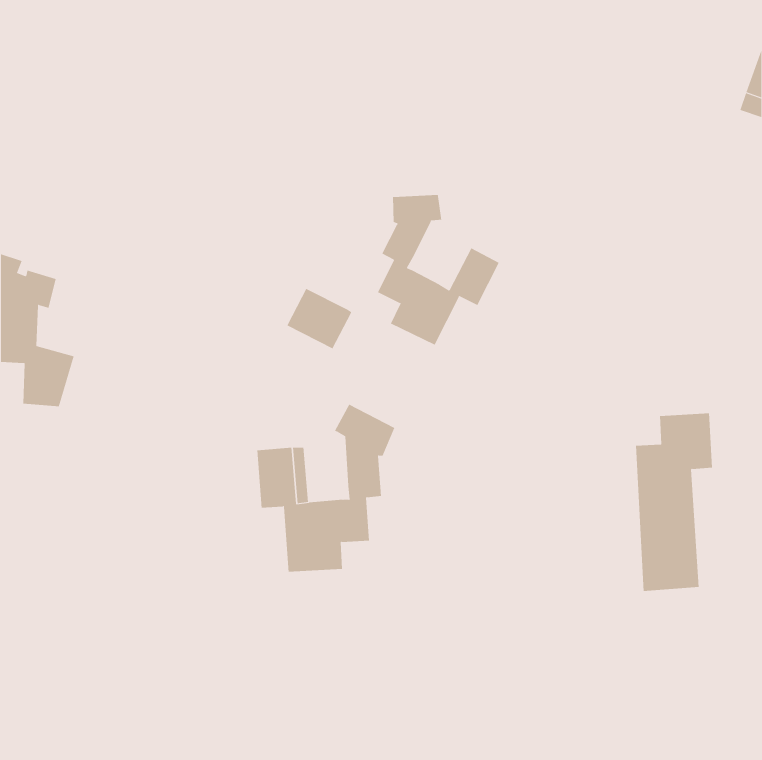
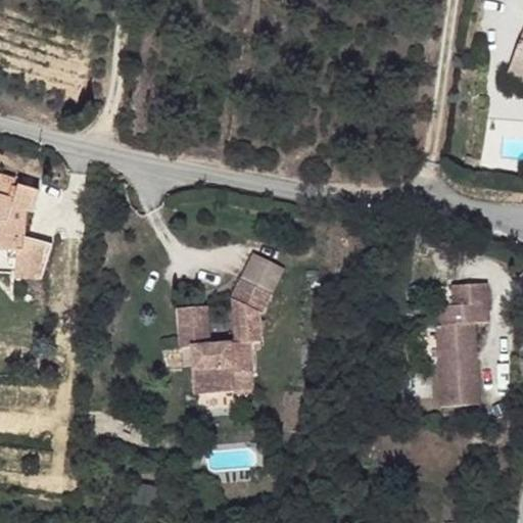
building: [377,194,500,346] -> none
building: [286,288,352,349] -> [239,251,284,293]

